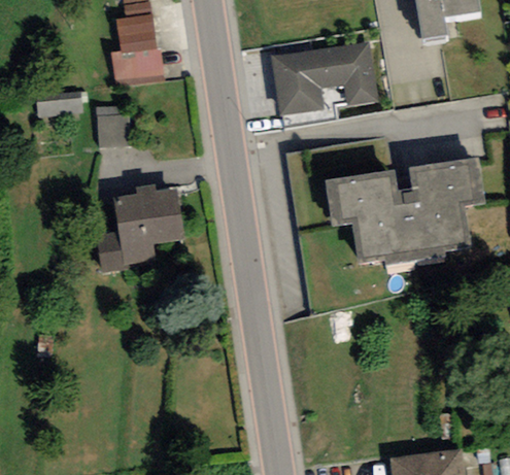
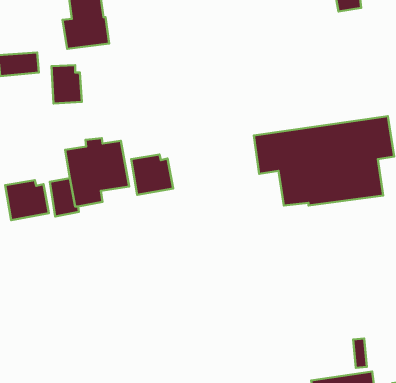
building: [268,39,377,115] -> none
building: none -> [131,155,173,195]
building: none -> [5,180,49,220]

